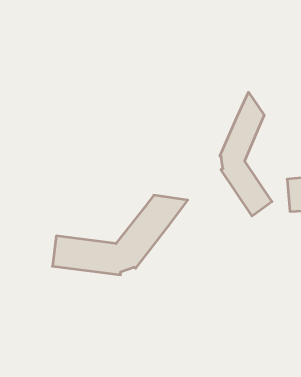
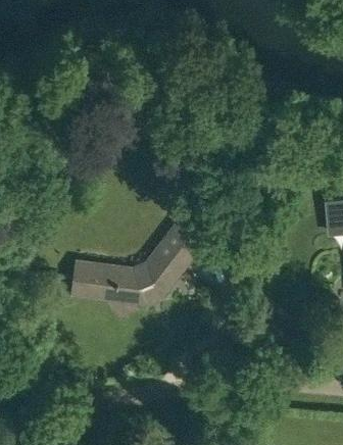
building: [220,92,272,216] -> none

